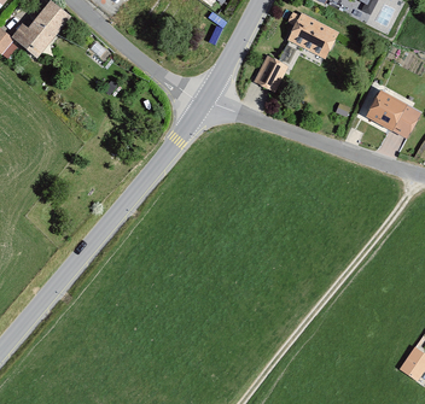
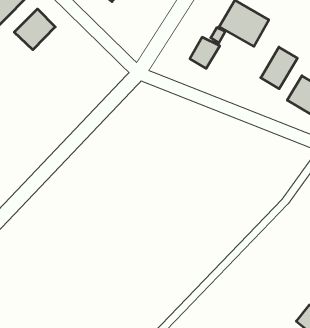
building: none -> [14,9,55,50]
building: none -> [261,47,297,89]

